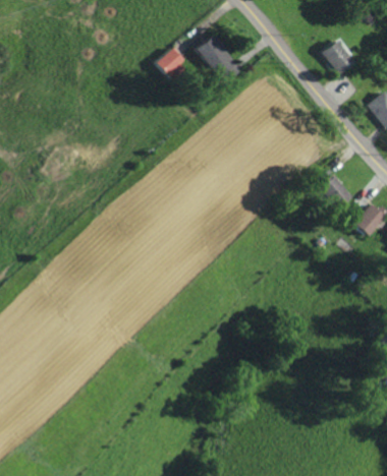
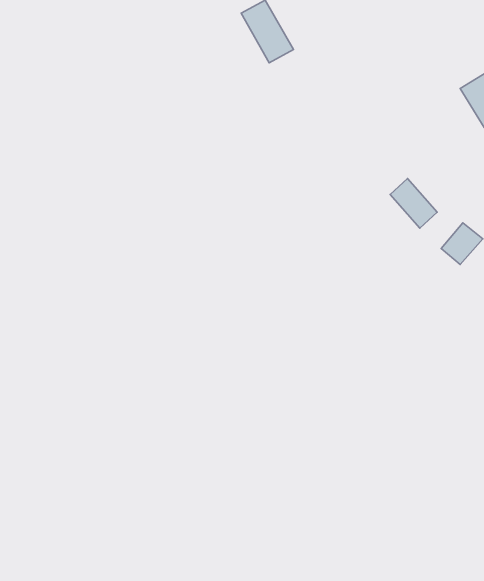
building: [323,41,355,74] -> none
building: [159,49,187,76] -> none

